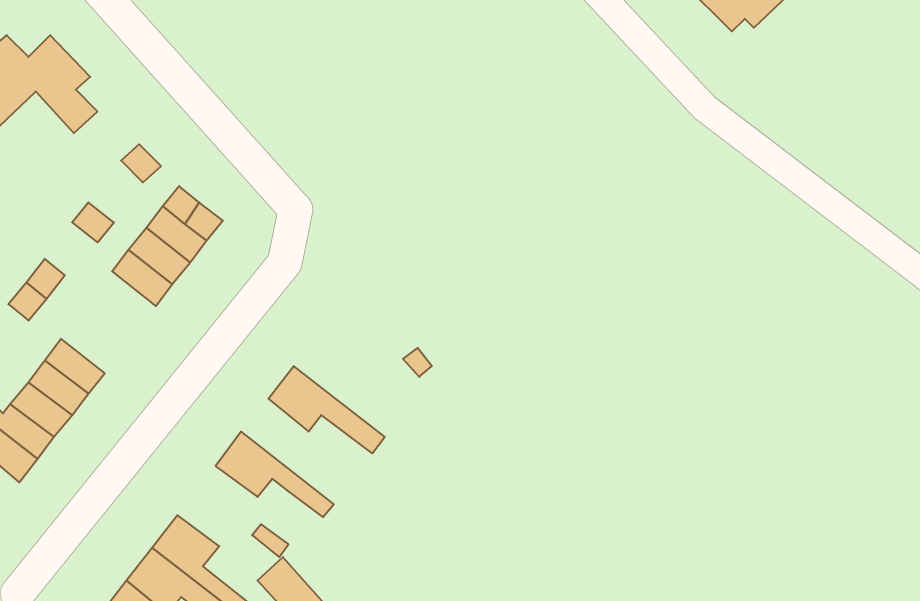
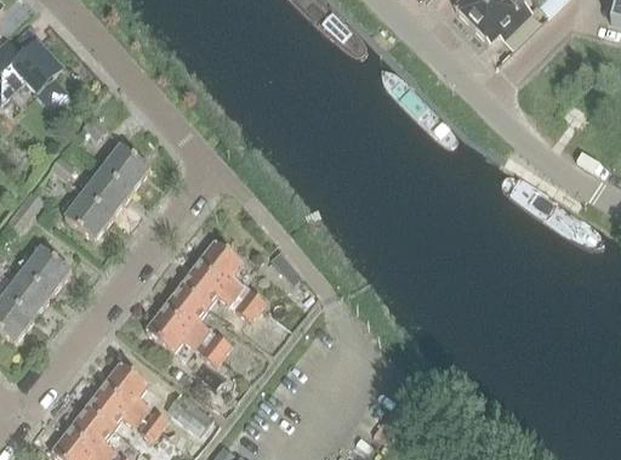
building: none -> [63,200,104,239]
building: none -> [196,242,264,311]
building: none -> [161,285,232,356]

